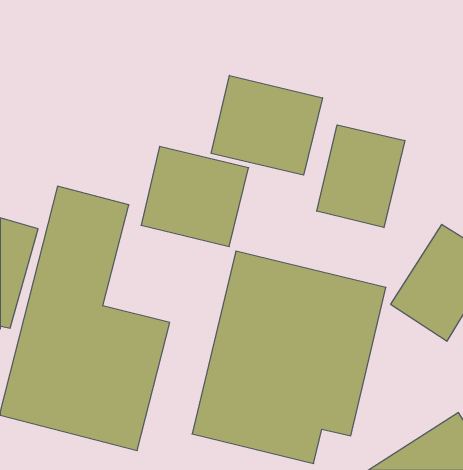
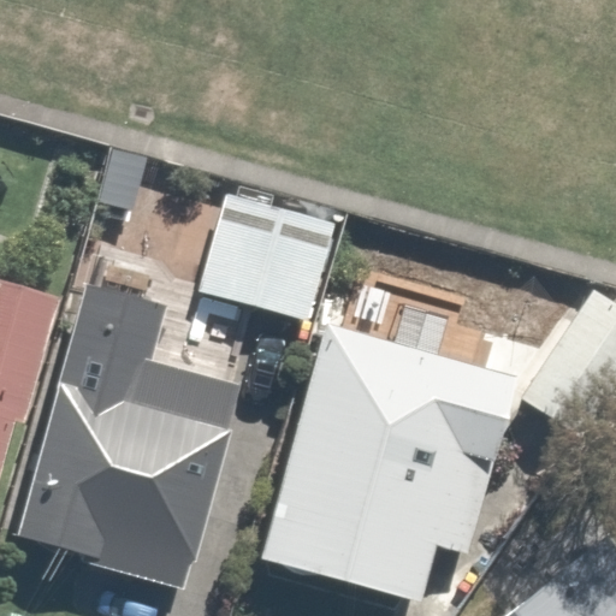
building: [211,75,322,175] -> none
building: [317,125,405,228] -> none

